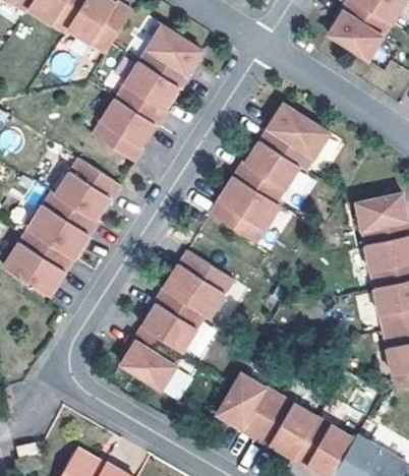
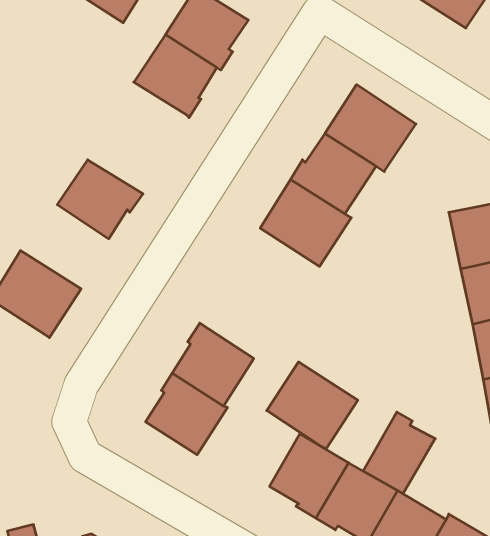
building: [91,100,154,163] -> none
building: [25,192,97,259] -> none
building: [164,248,234,315] -> [267,362,358,449]
building: none -> [363,412,435,494]

